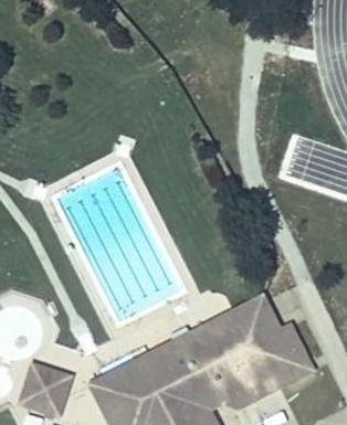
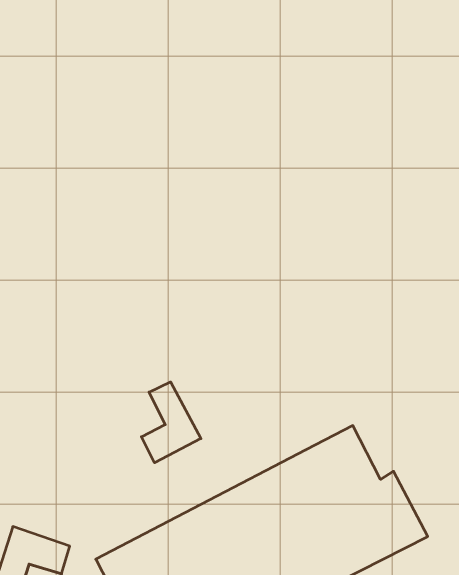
building: none -> [141,382,201,463]

